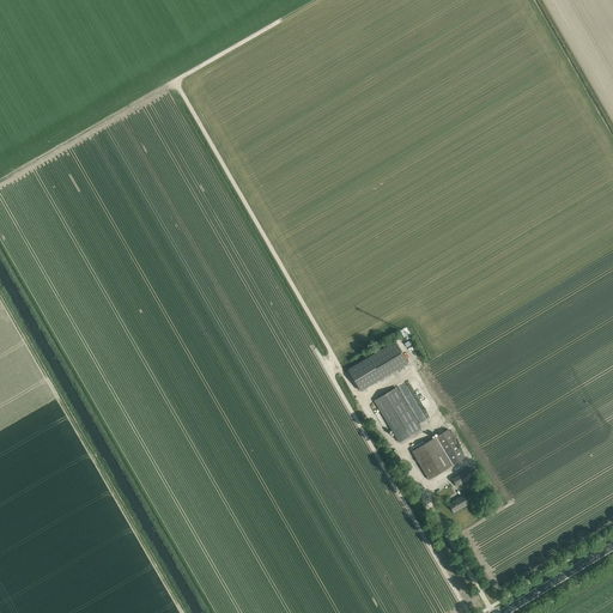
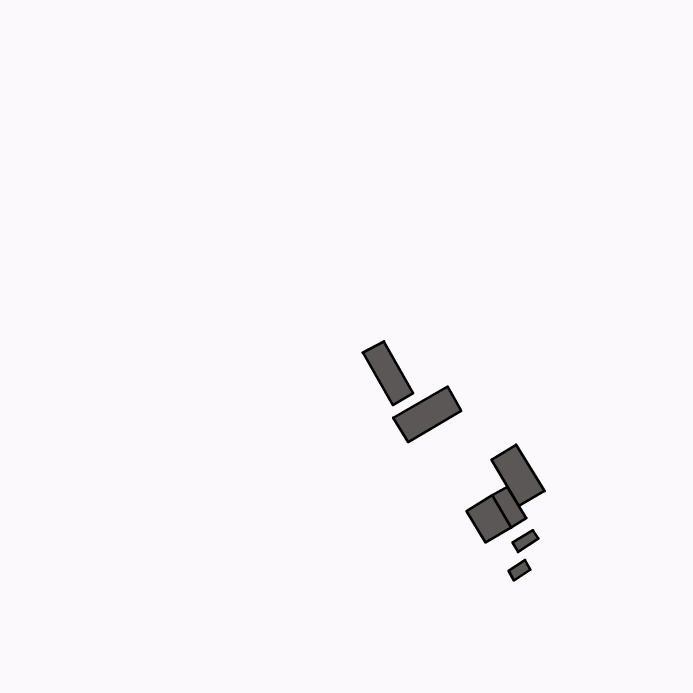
building: none -> [363,341,413,405]
building: [375,388,421,442] -> [492,445,545,506]

